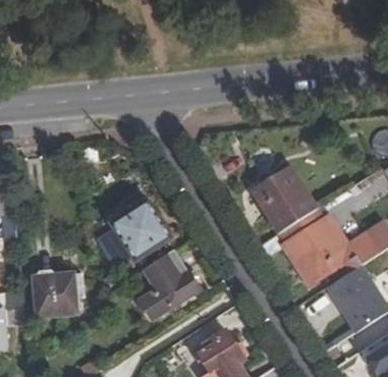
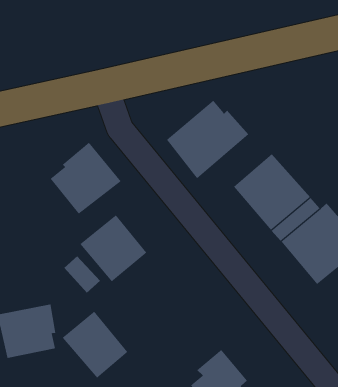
building: none -> [166,100,249,179]
building: none -> [50,142,121,214]
building: [142,251,197,309] -> [62,311,128,379]

